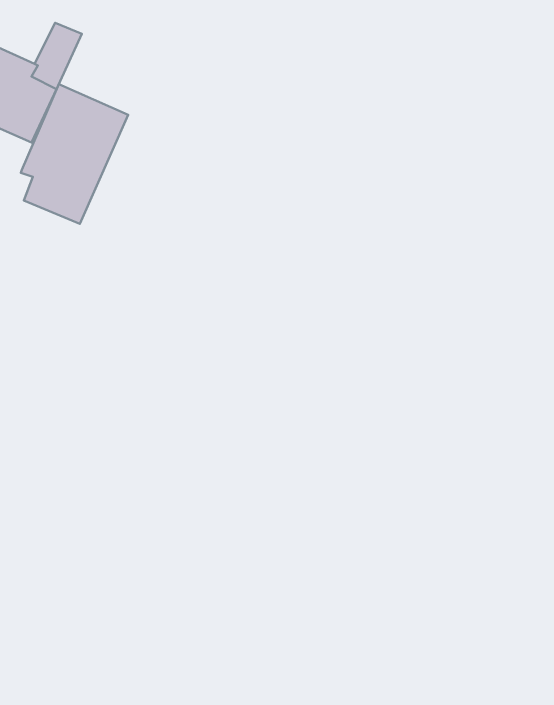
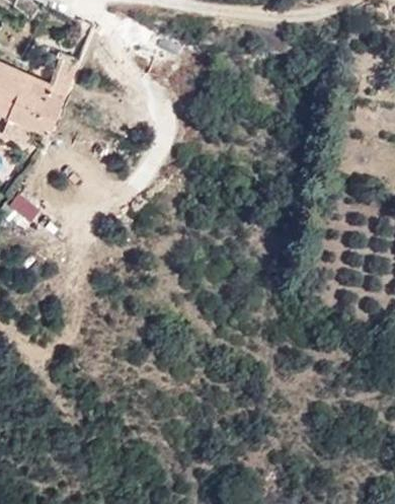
building: [21,84,128,224] -> none

